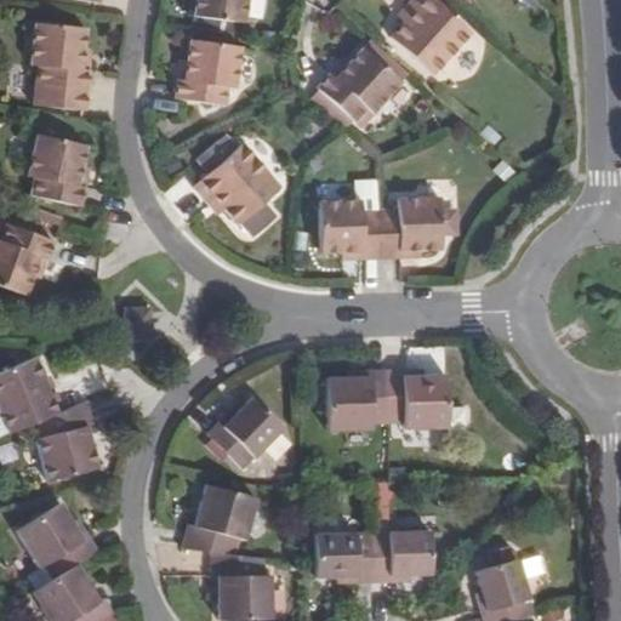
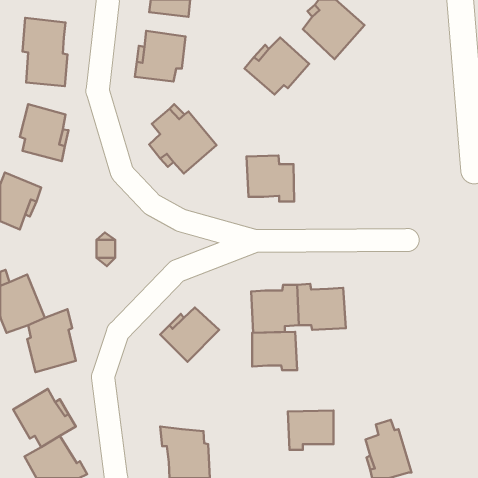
building: [381,199,443,261] -> none
building: [184,485,256,556] -> none
building: [318,532,376,582] -> [252,332,297,370]

